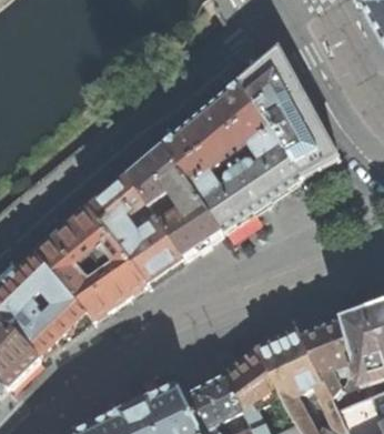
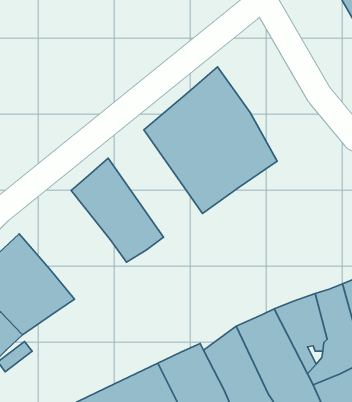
building: [240,57,331,180] -> none
building: [128,148,224,258] -> none
building: [37,210,146,321] -> none

